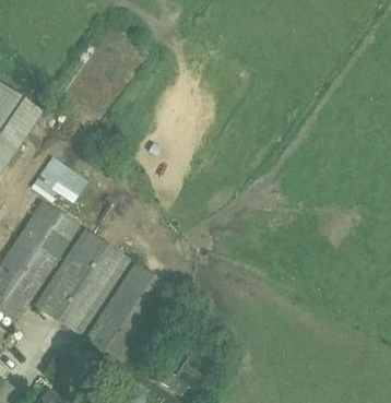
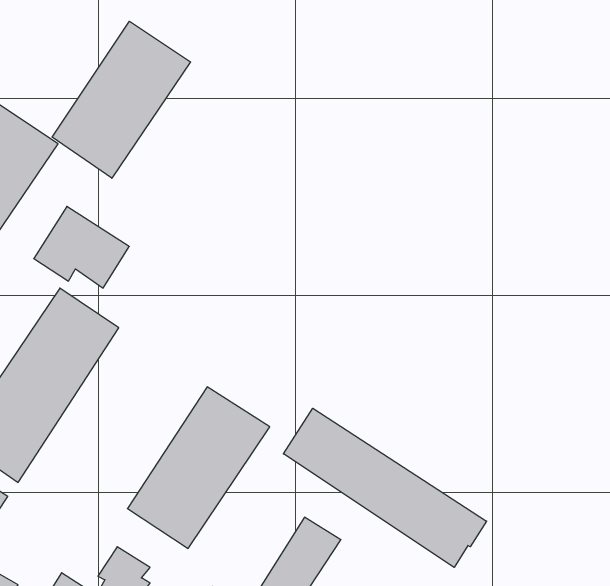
building: none -> [52,21,191,178]
building: [35,228,131,335] -> none
building: none -> [283,408,487,567]

